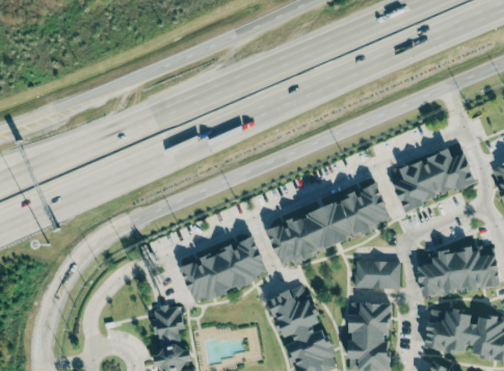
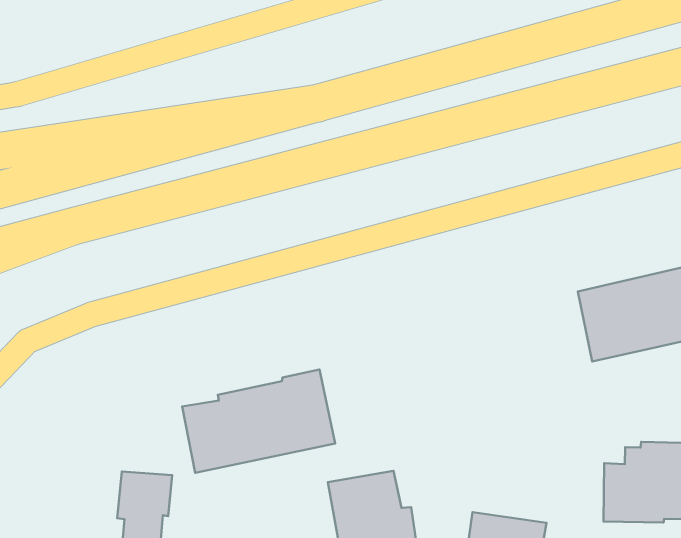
building: [267,183,390,265] -> none
building: [354,260,400,288] -> none

